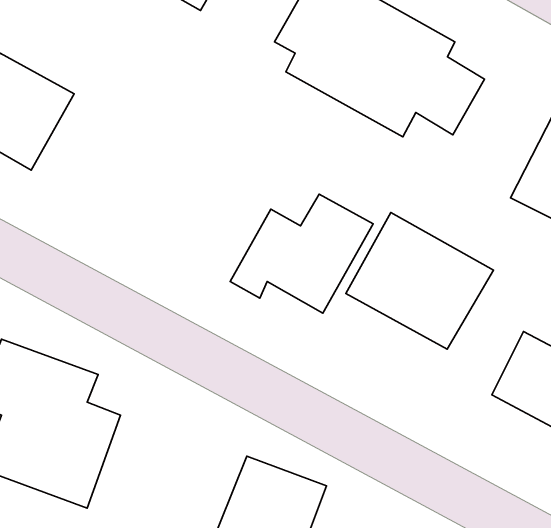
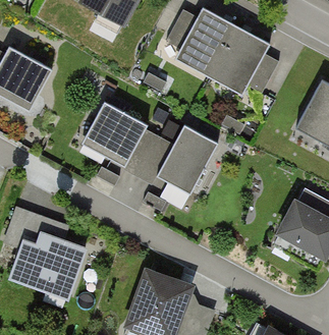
building: none -> [84,103,162,174]
building: [346,212,494,349] -> none

